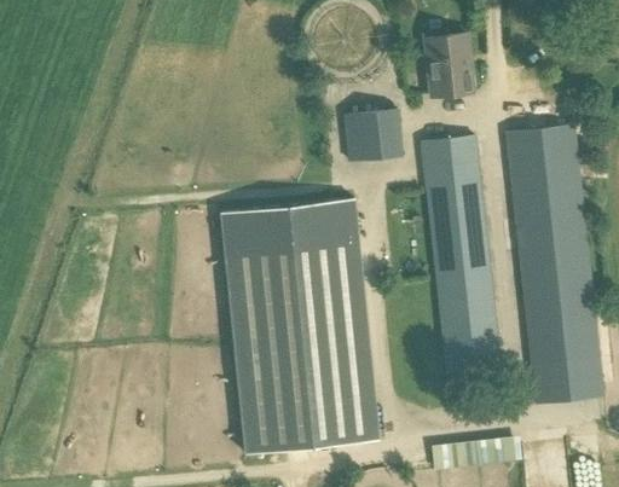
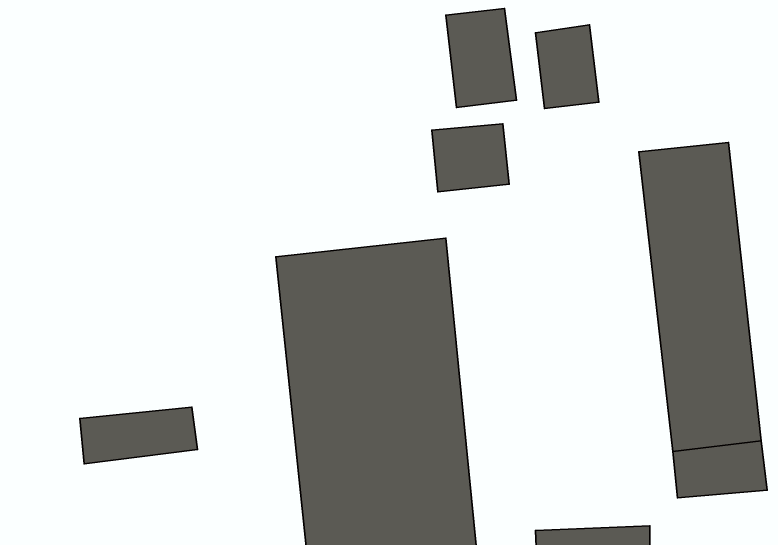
building: none -> [446,8,517,108]
building: [423,137,501,376] -> none
building: none -> [80,407,197,464]

